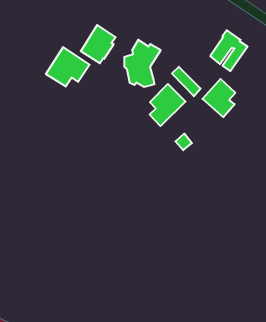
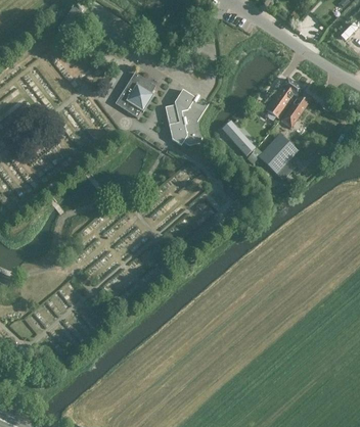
building: [46,47,90,87] -> none
building: [150,84,186,126] -> none

